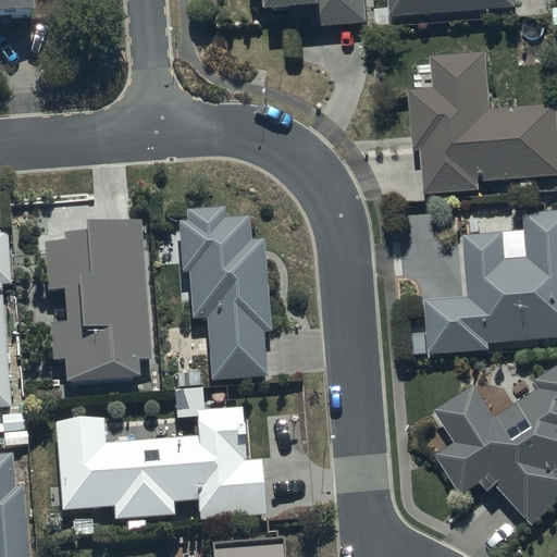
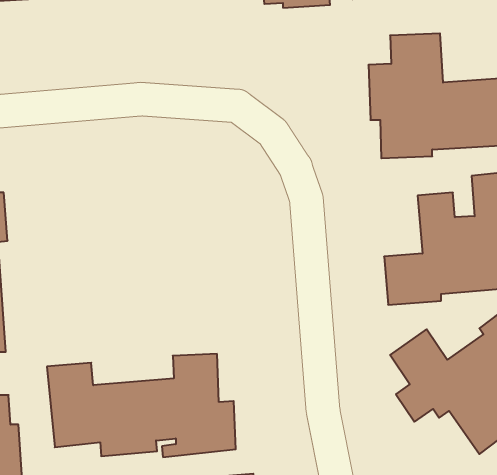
building: [177,207,271,377] -> none
building: [44,221,151,382] -> none

